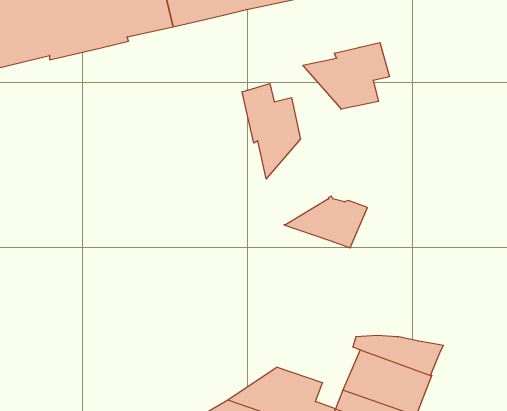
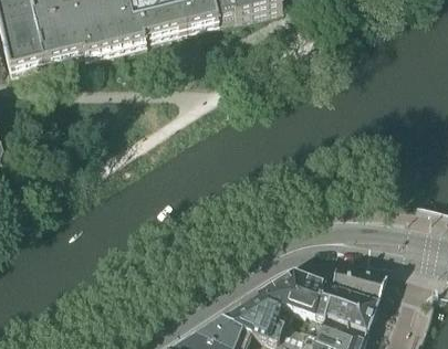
building: [303,43,389,109] -> none
building: [242,84,301,179] -> none
building: [284,196,367,248] -> [258,266,322,306]

